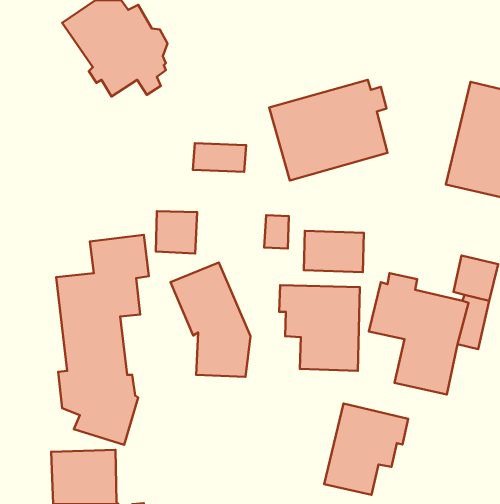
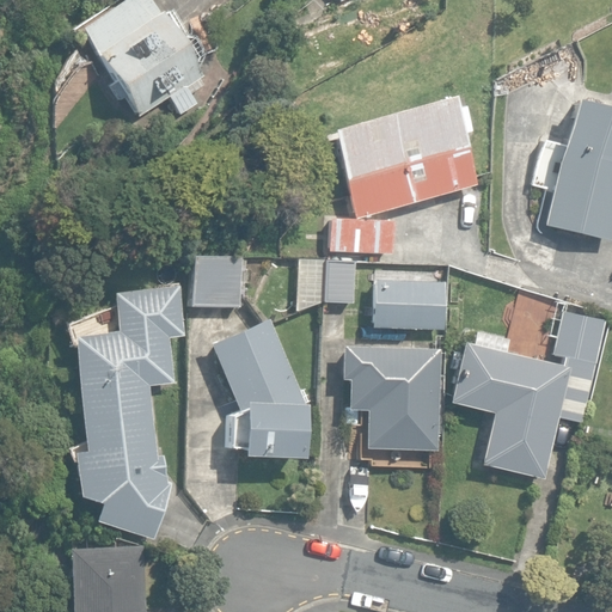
building: [193,143,246,172] -> [331,218,396,252]
building: [324,403,408,495] -> none

